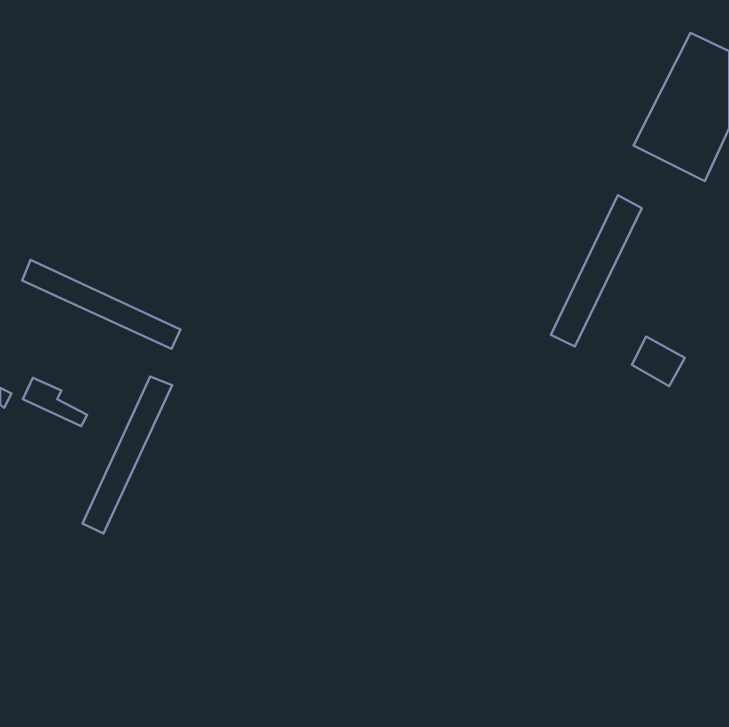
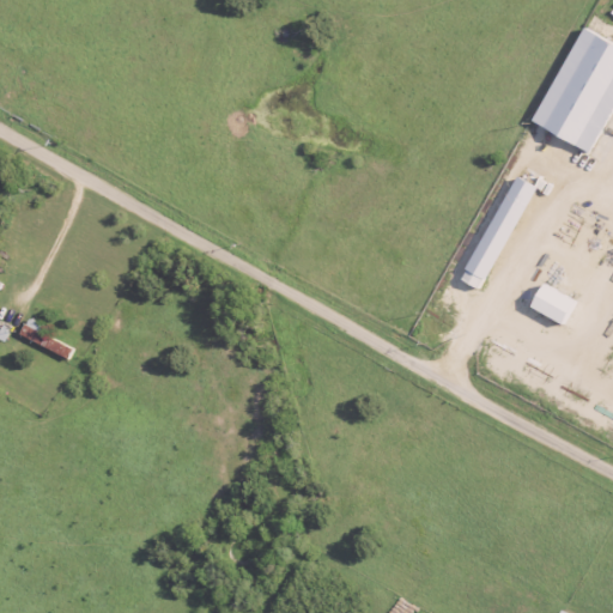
building: [22,260,181,349] -> none
building: [83,376,172,534] -> none

